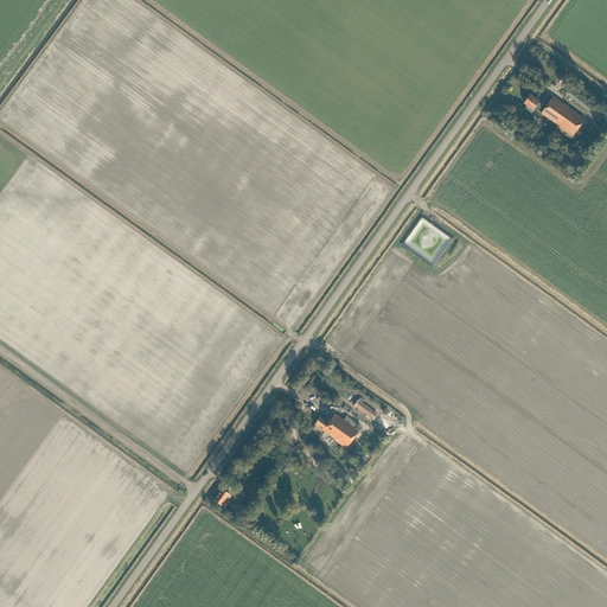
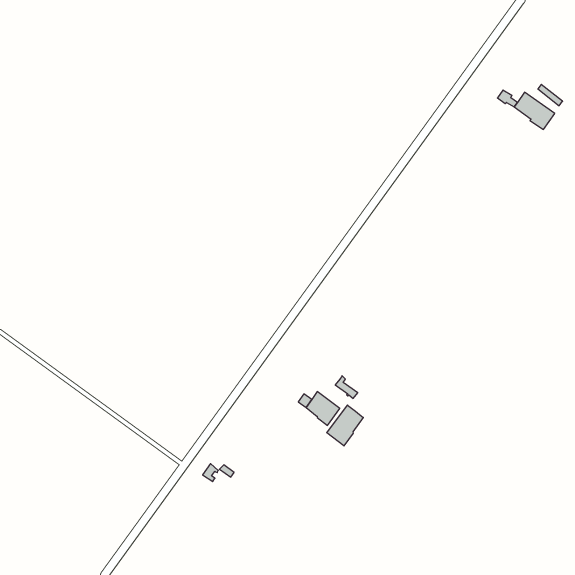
building: none -> [327,405,363,446]

